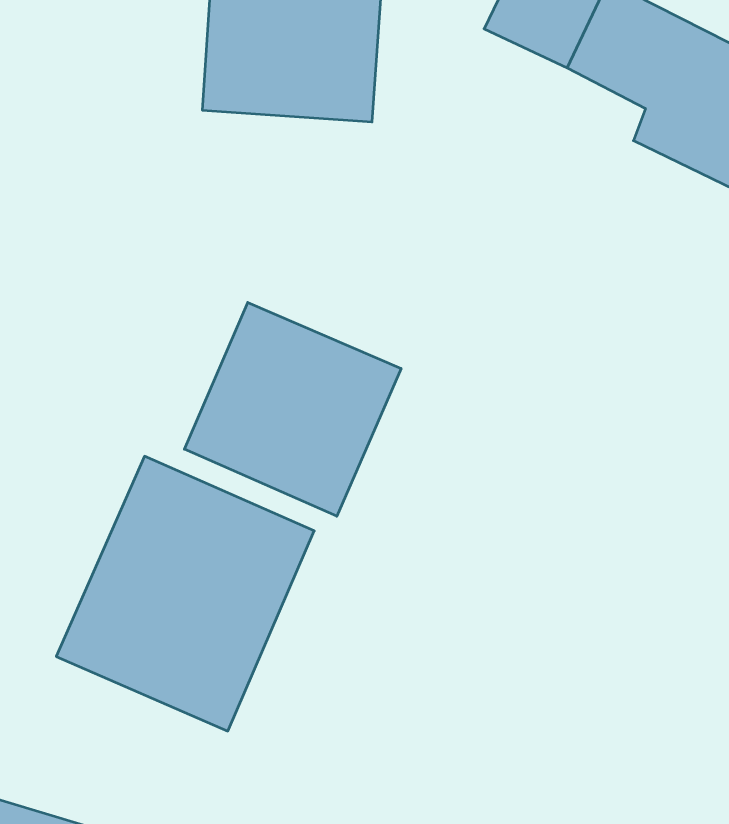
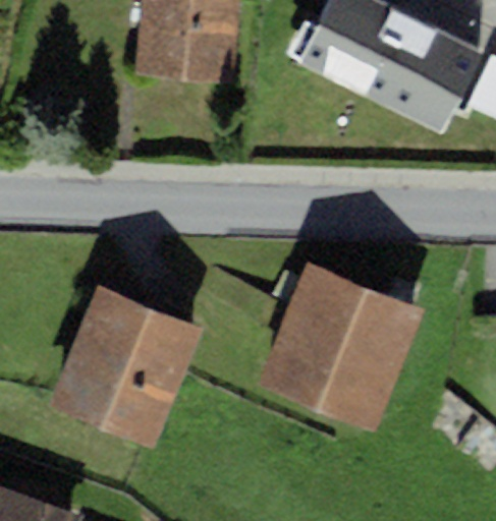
building: [184,302,401,516] -> none
building: none -> [261,267,422,430]

